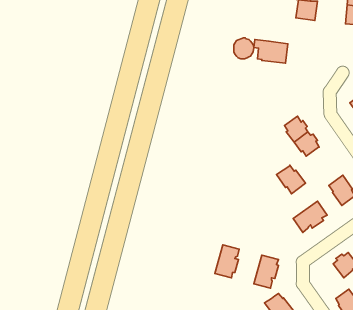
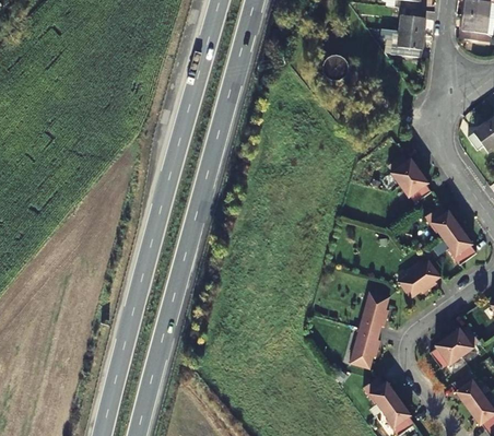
building: [254,40,288,63] -> [383,27,425,57]
building: [277,165,305,194] -> [424,204,460,240]
building: [215,245,239,278] -> [358,292,389,333]
building: none -> [430,339,461,368]

